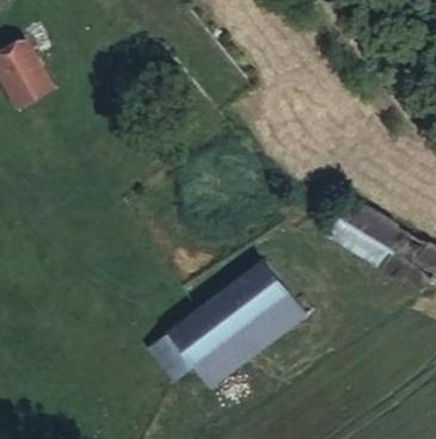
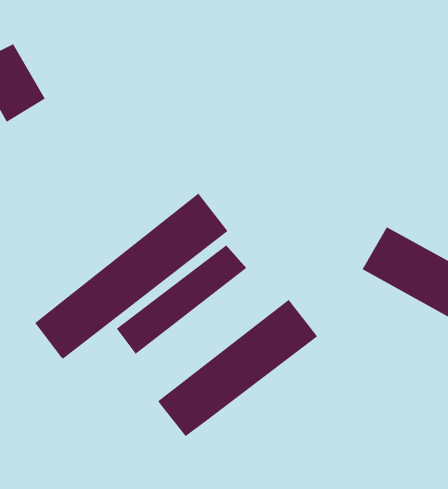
building: none -> [34,192,229,360]
building: [191,292,303,387] -> [116,245,247,355]

